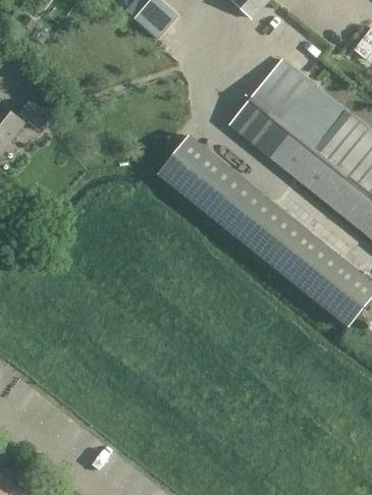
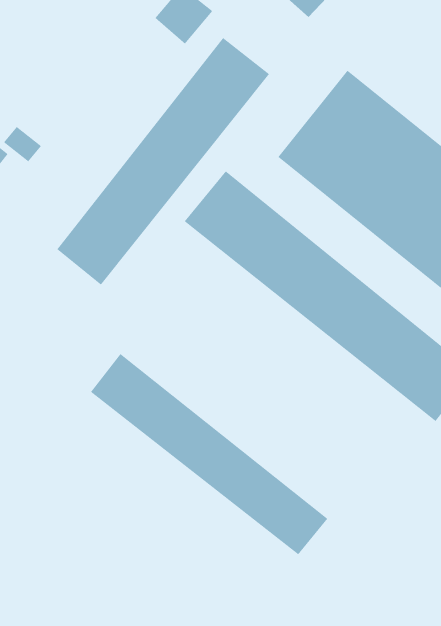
building: none -> [57,37,270,285]
building: none -> [90,353,328,555]

